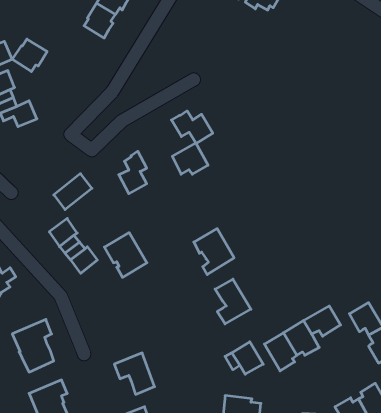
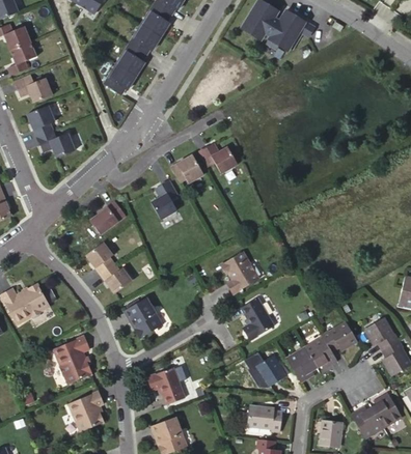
building: [12,39,47,72] -> [105,63,137,93]
building: [172,143,208,174] -> [170,153,203,182]
building: [104,233,147,277] -> [122,296,162,338]

